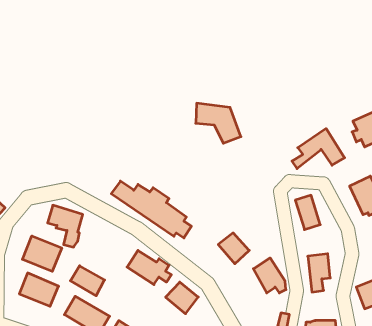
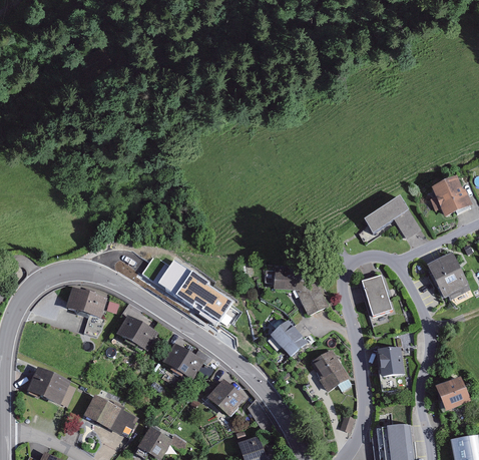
building: [196,103,241,143] -> [274,269,328,317]
building: [22,236,62,271] -> none
building: [70,266,105,296] -> [116,314,157,350]

